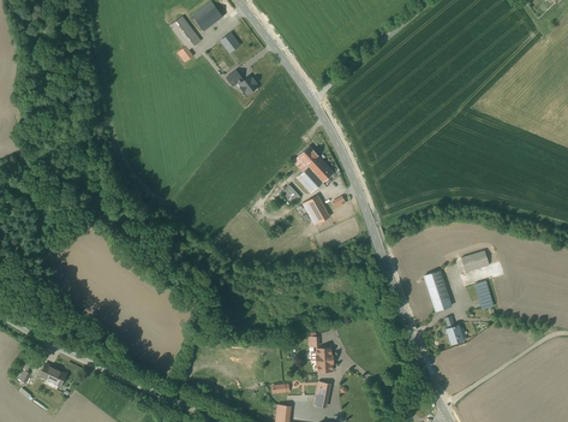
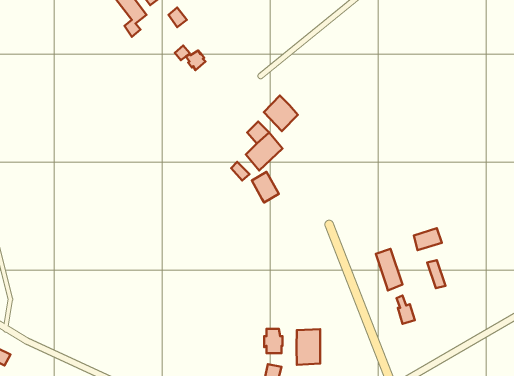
building: none -> [264,96,298,131]
building: none -> [296,329,320,365]

